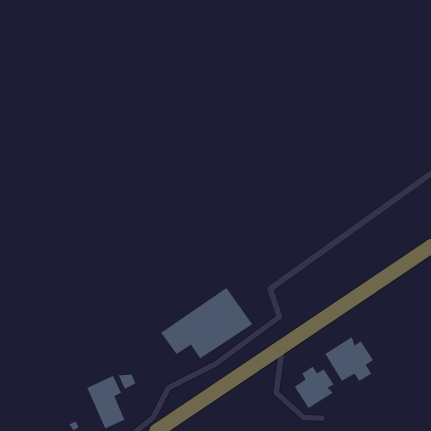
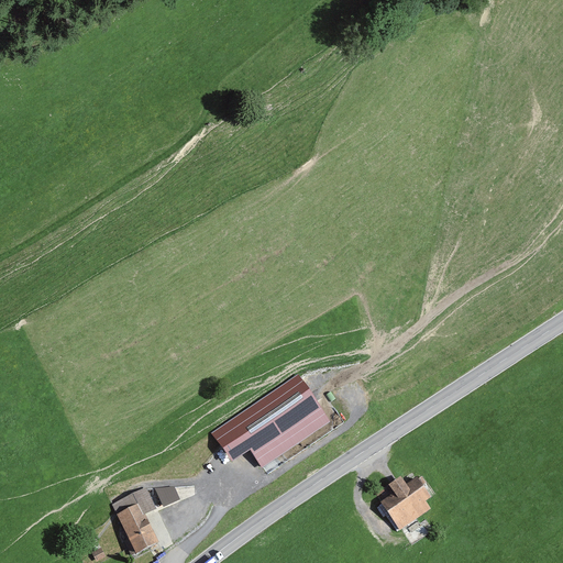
building: [324,336,374,382] -> none

